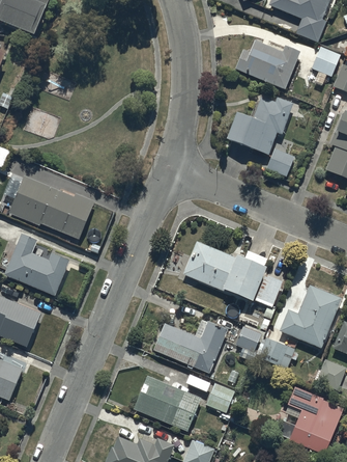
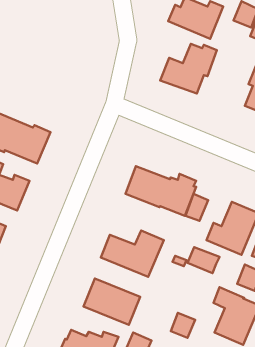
building: [265,148,294,178] -> none
building: [236,326,262,352] -> none
building: [206,383,235,413] -> [171,313,195,338]

